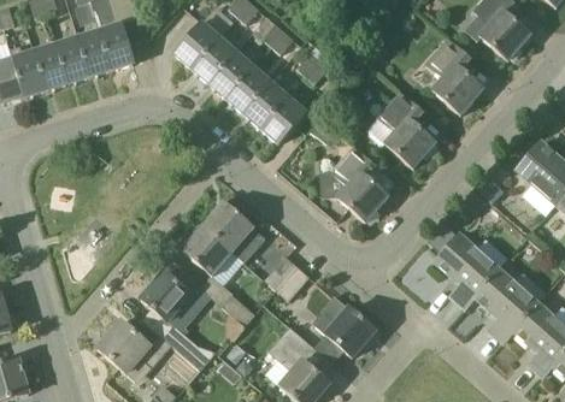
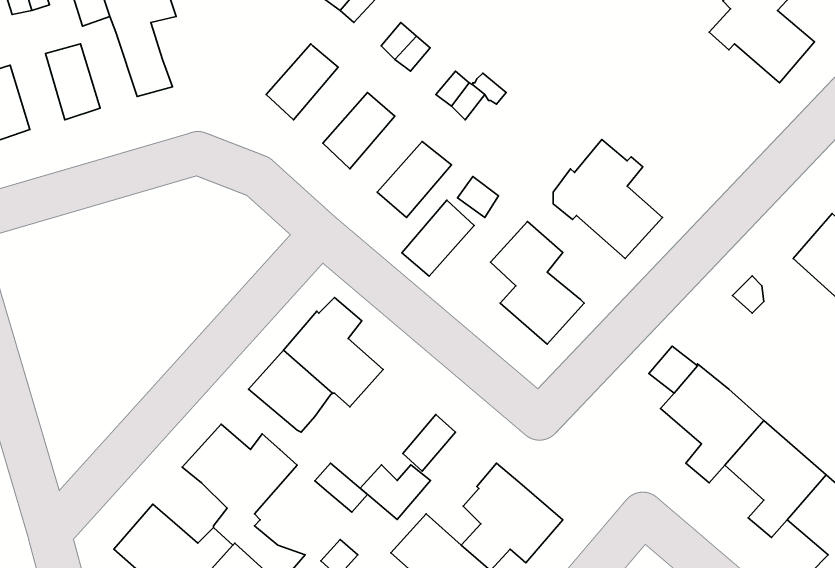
building: [173,20,219,67] -> none
building: [77,29,112,76] -> none
building: [424,37,483,114] -> none
building: [34,42,67,89] -> none
building: [208,51,254,97] -> none
building: [243,81,288,128] -> [402,200,474,276]
building: [253,255,296,289] -> [360,465,430,519]

